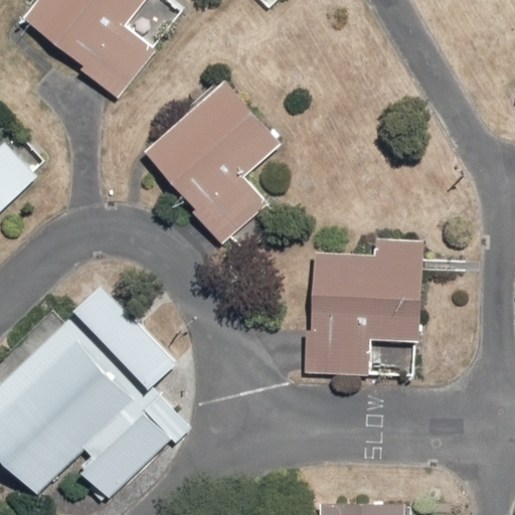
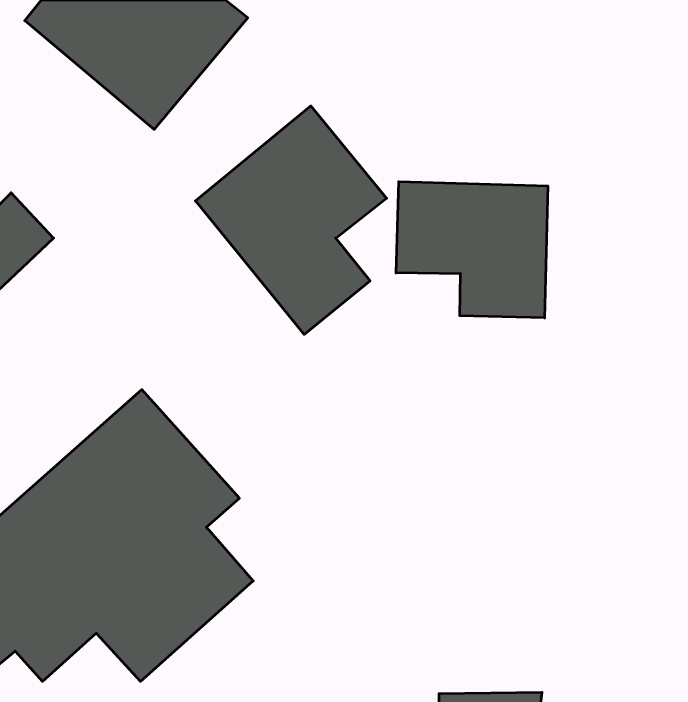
building: none -> [396,182,548,318]
building: [303,237,423,371] -> none

